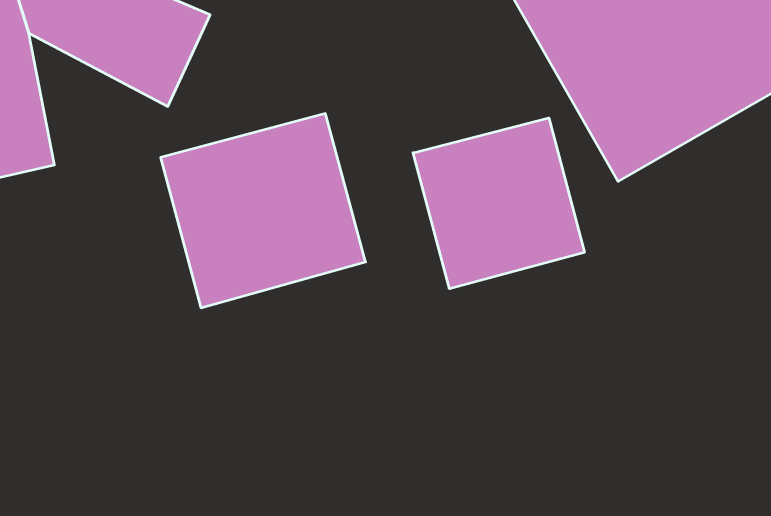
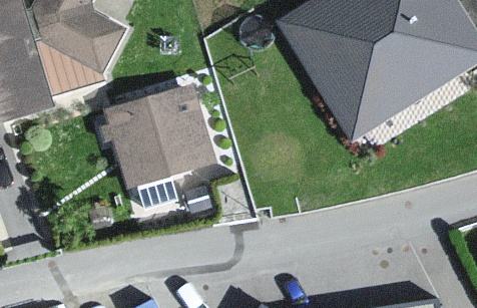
building: [413,118,584,289] -> none

